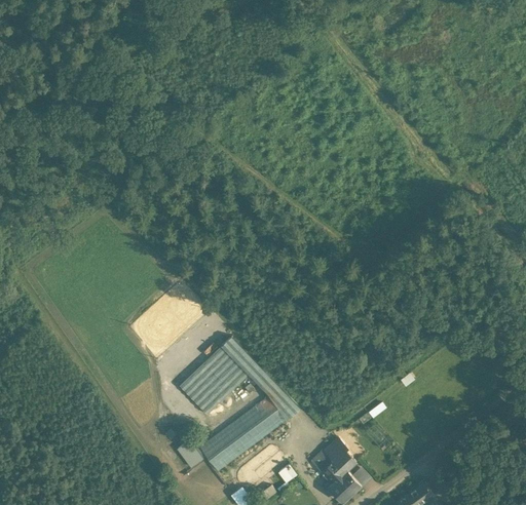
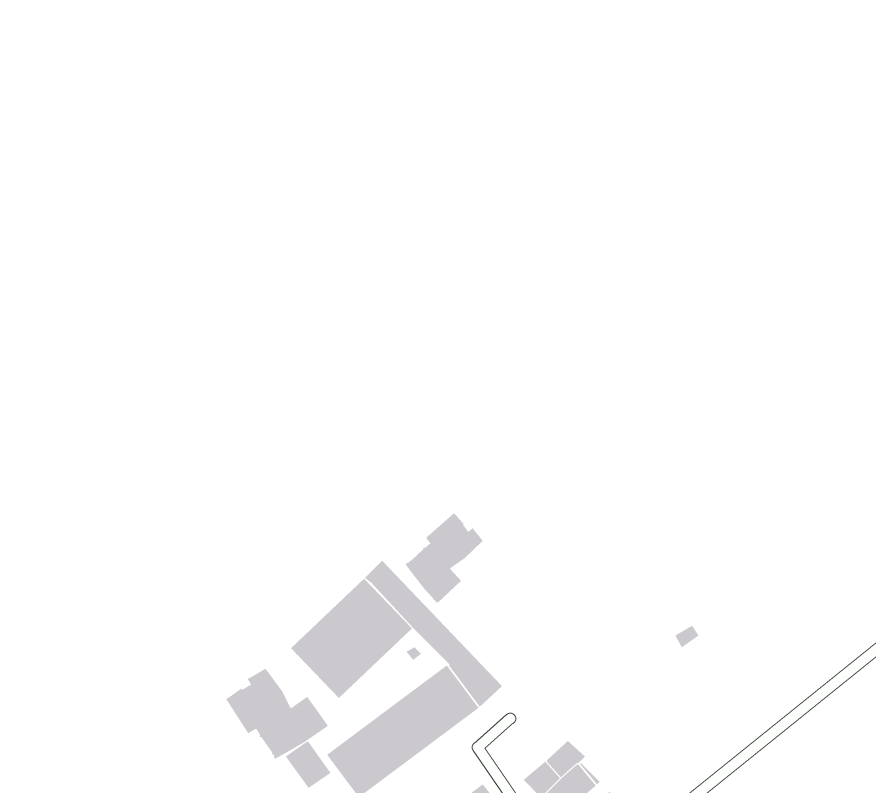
building: none -> [404,511,483,603]
building: none -> [224,668,328,760]

